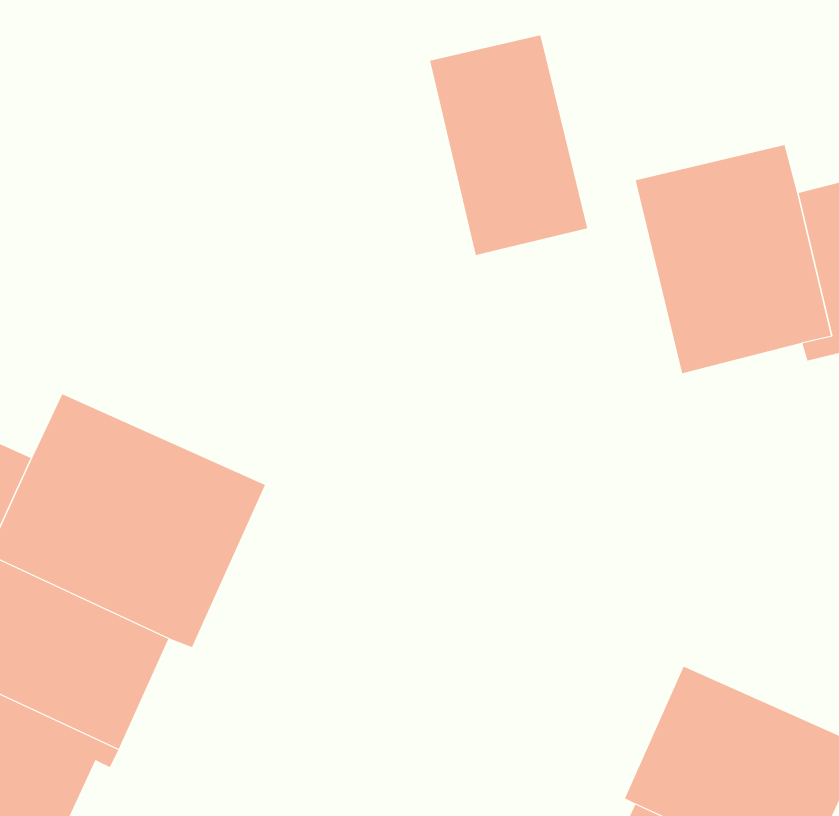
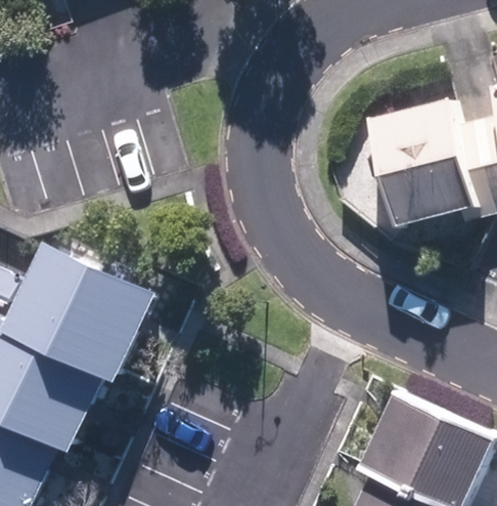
building: [430,35,588,256] -> none

